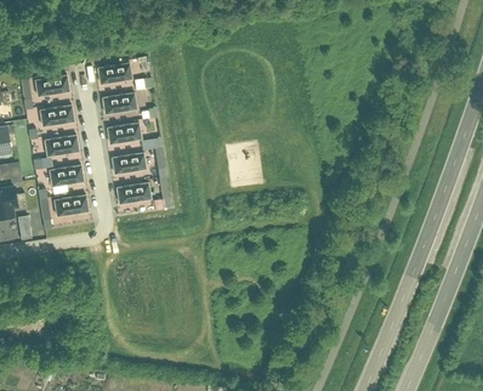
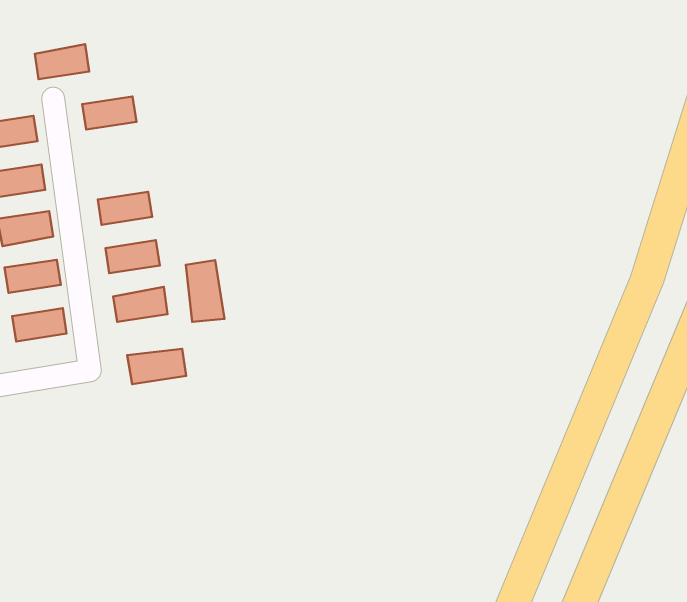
building: [103,92,137,114] -> [35,44,89,79]
building: none -> [186,260,225,322]
building: none -> [127,349,186,384]

